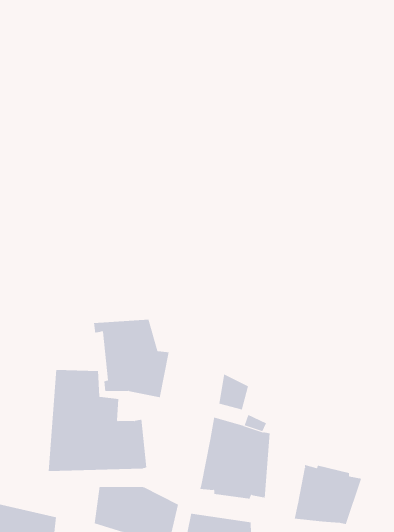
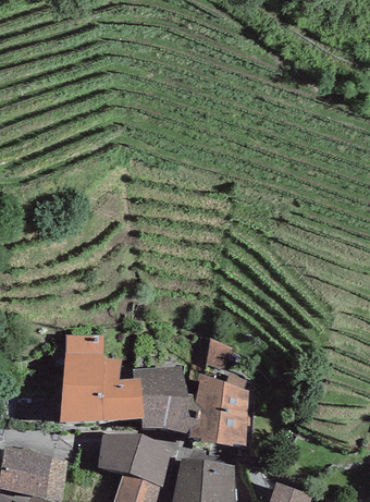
building: [93,319,170,398] -> [132,367,197,434]
building: [294,464,362,525] -> none

